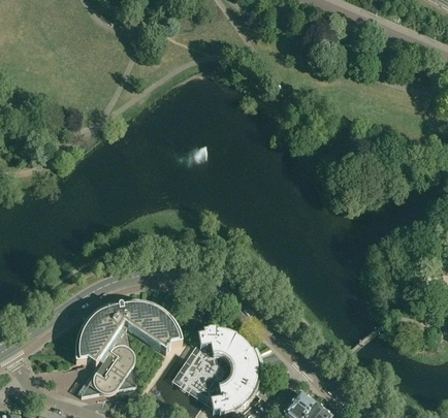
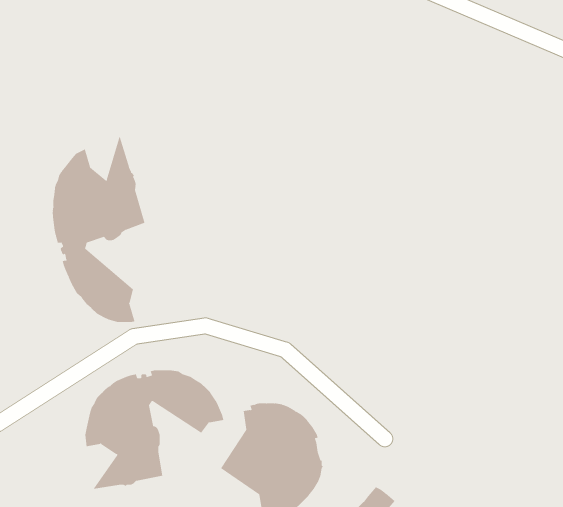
building: none -> [52,135,145,323]

